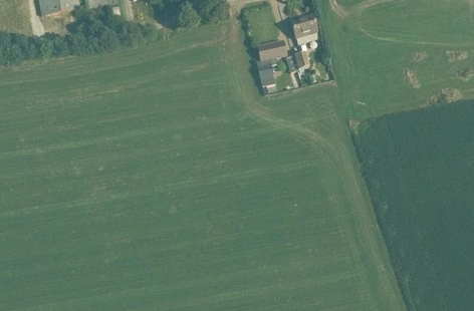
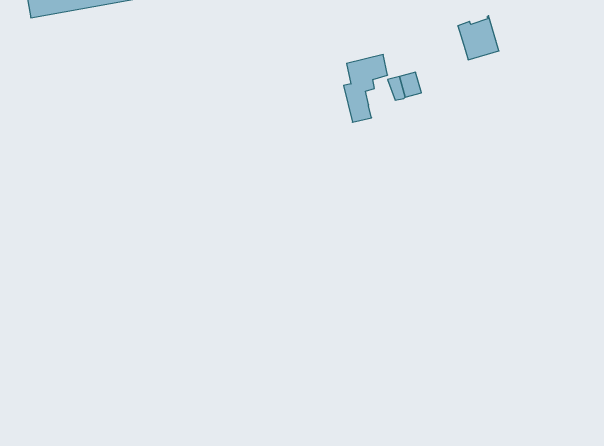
building: [290,13,318,43] -> [458,16,499,60]

